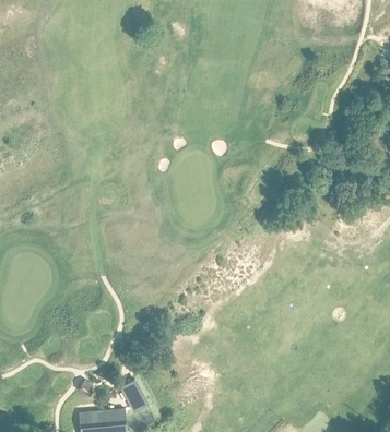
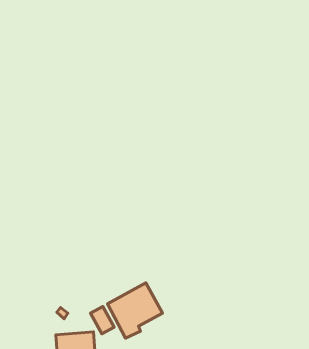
building: none -> [108,283,163,338]

